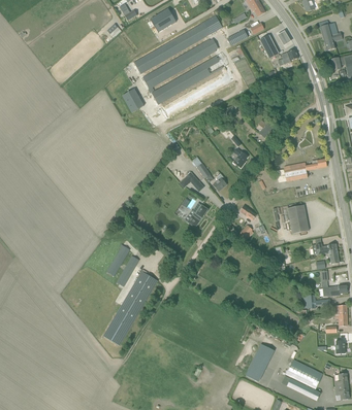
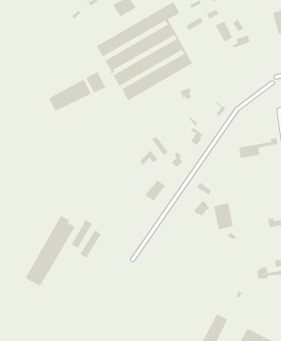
building: none -> [48,78,92,112]
building: [287,203,309,233] -> [213,202,234,230]
building: [103,268,157,344] -> [25,215,75,287]

